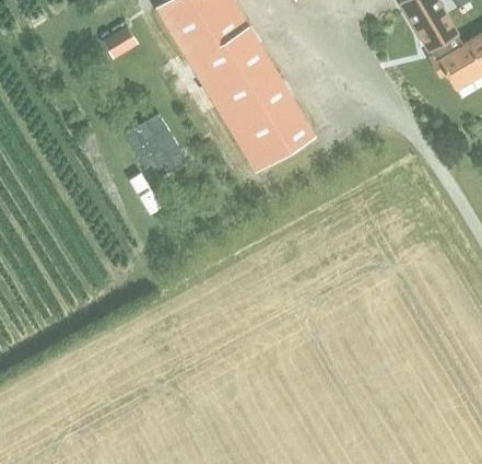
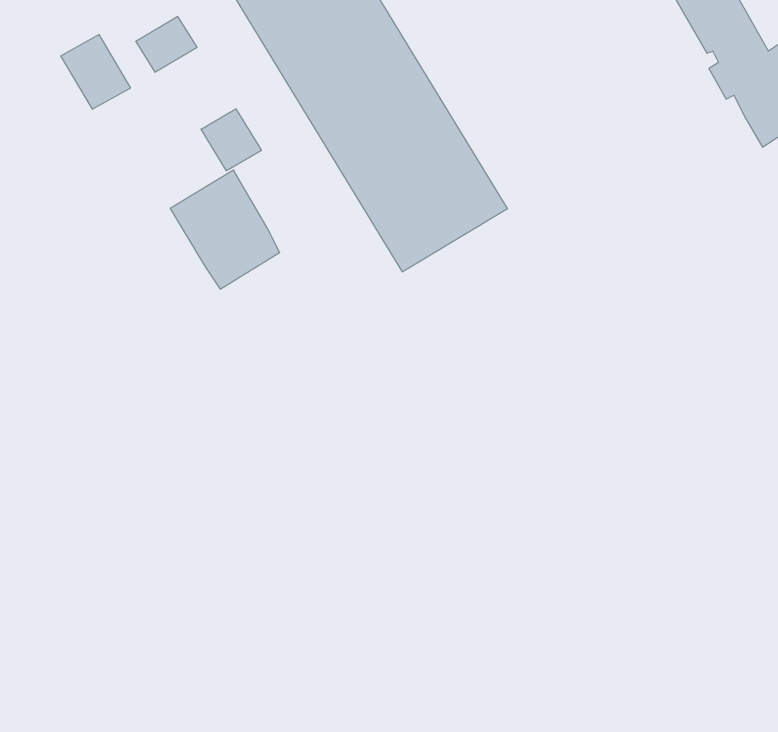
building: none -> [61,35,130,109]
building: none -> [201,109,261,171]

